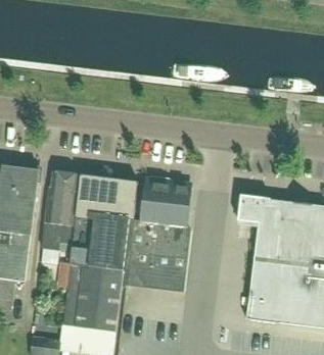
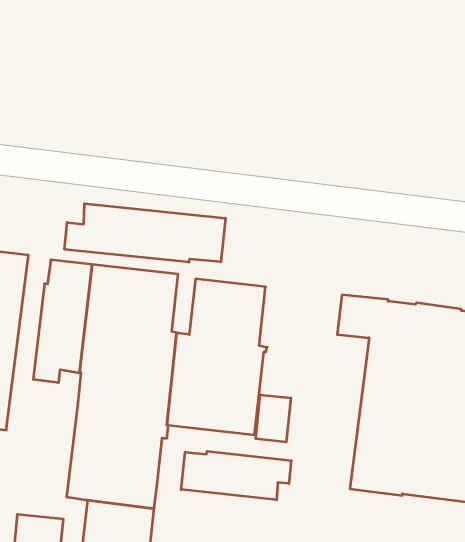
building: none -> [65,204,225,262]
building: none -> [256,395,291,442]
building: none -> [181,451,291,500]

